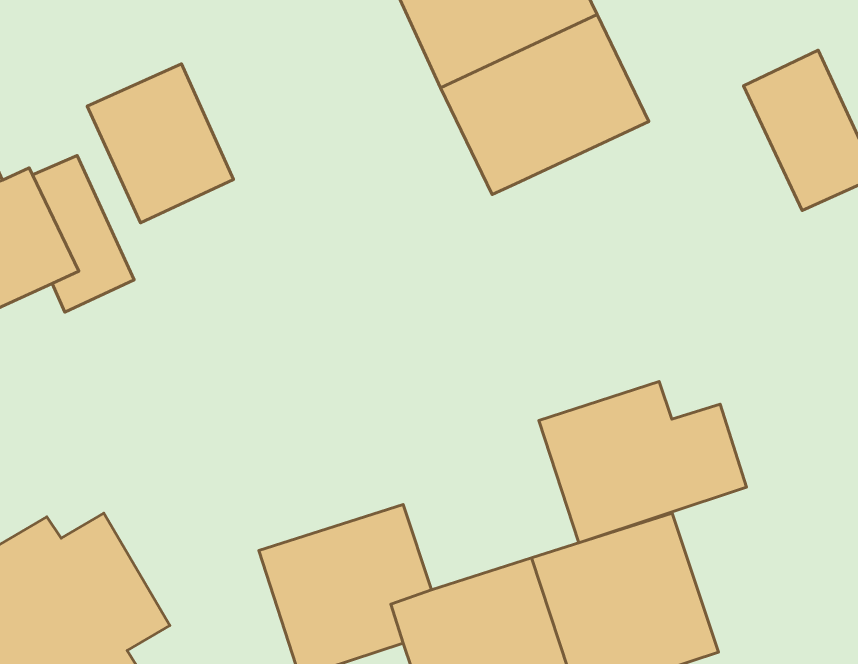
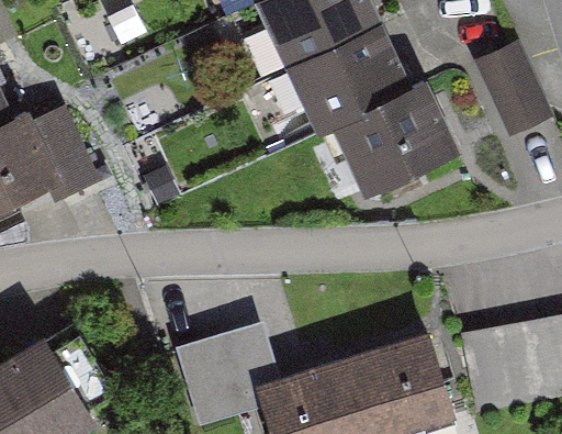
building: [87,64,234,223] -> none
building: none -> [331,82,460,197]
building: [539,381,746,543] -> none

